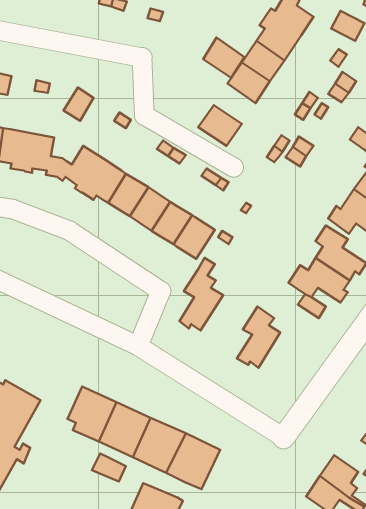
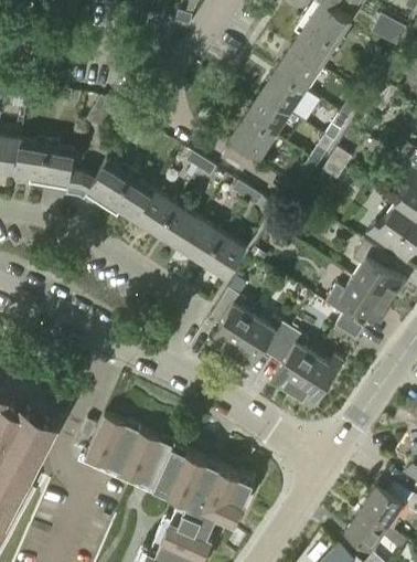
building: [203,38,245,78] -> [246,92,290,135]
building: none -> [232,317,292,371]
building: none -> [293,357,344,411]
building: [92,454,126,482] -> [179,502,215,532]

